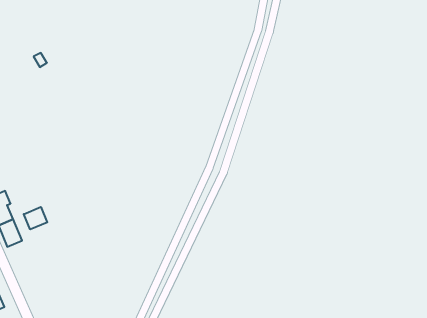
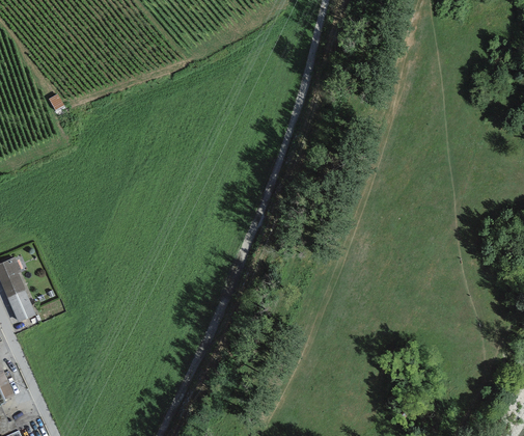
building: [24,207,47,229] -> none

